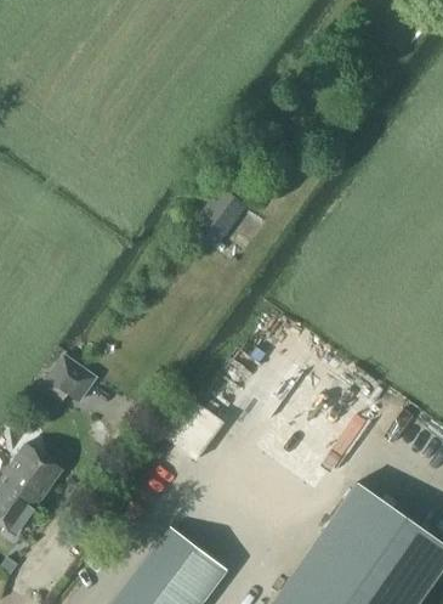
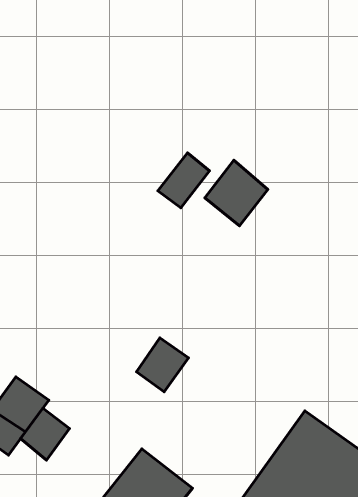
building: none -> [205,160,268,226]
building: [36,354,97,406] -> none
building: none -> [21,408,70,460]

